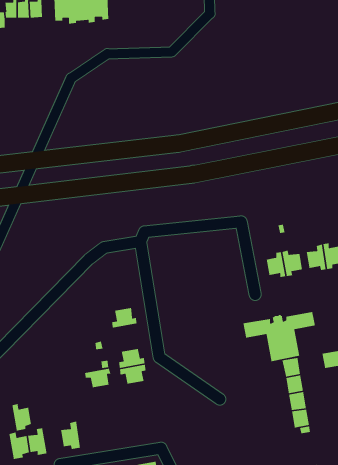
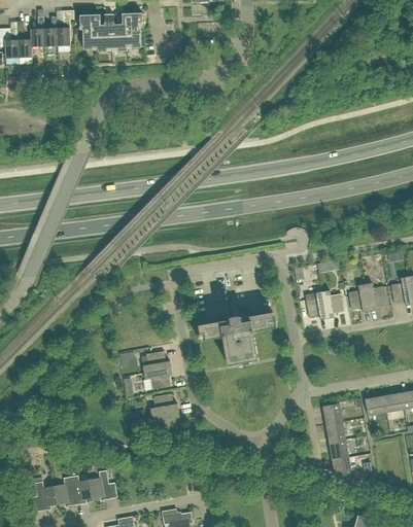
building: [242,311,316,362] -> [198,312,275,365]
building: [84,368,112,388] -> [143,367,172,389]
building: [11,403,32,431] -> [70,475,92,504]

